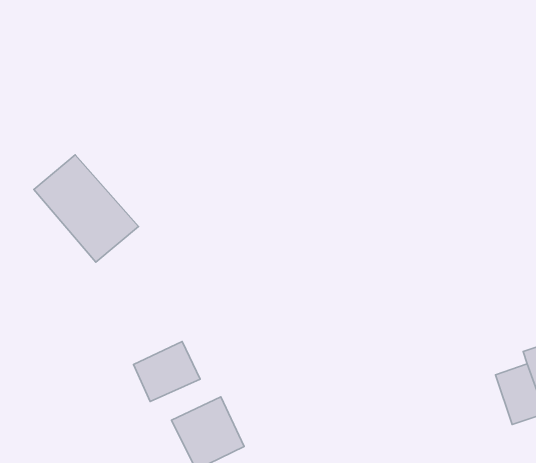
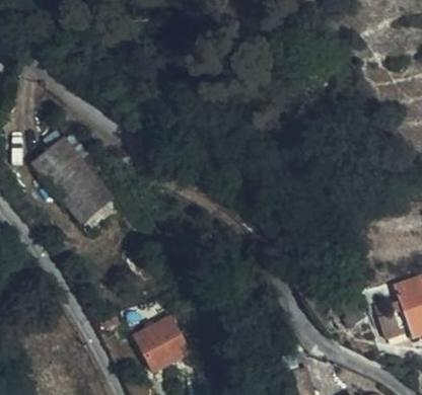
building: [133,342,200,402] -> none

